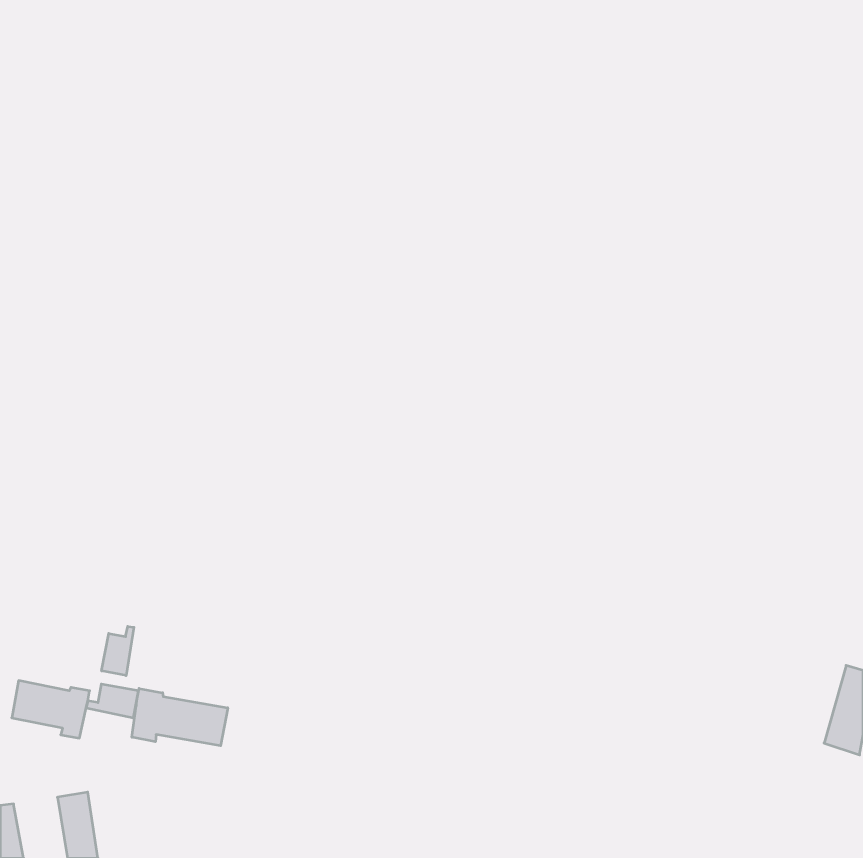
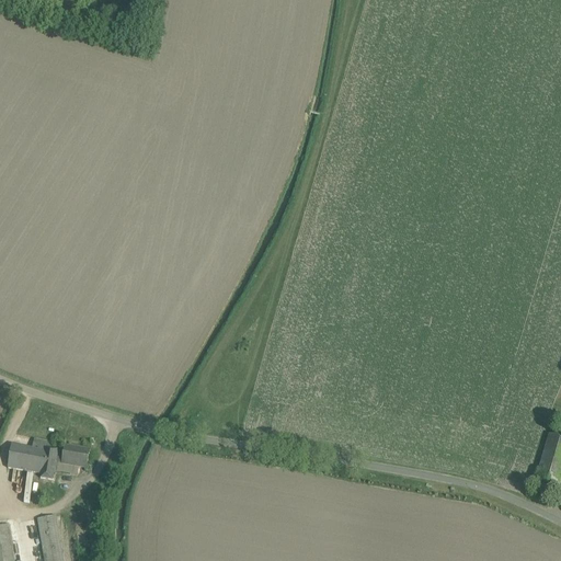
building: [102,626,134,676] -> none
building: [132,688,228,746] -> none

